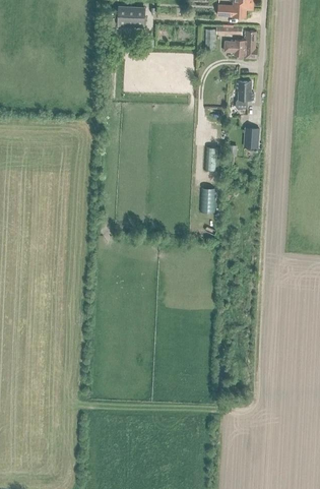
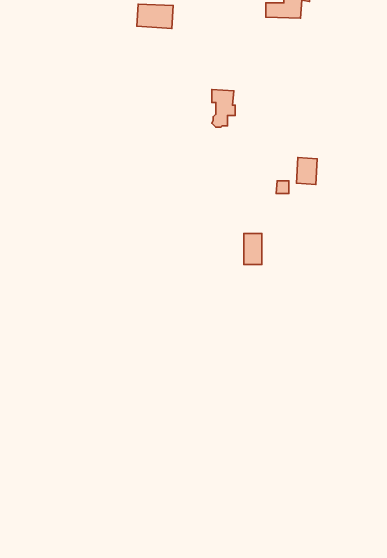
building: [225,30,258,58] -> none
building: [235,80,253,110] -> [212,90,235,127]

